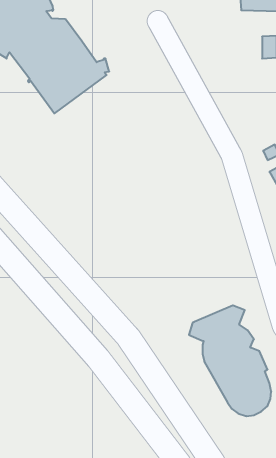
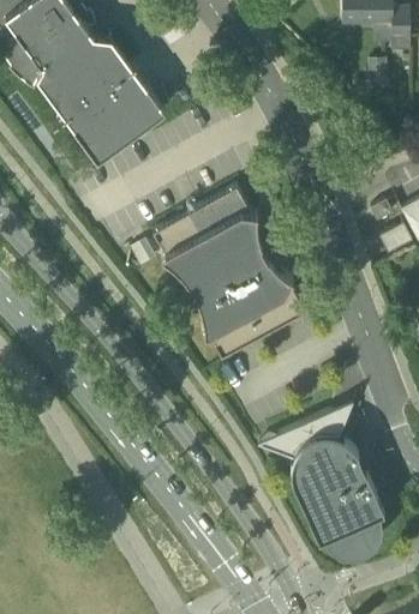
building: none -> [151,186,305,359]

